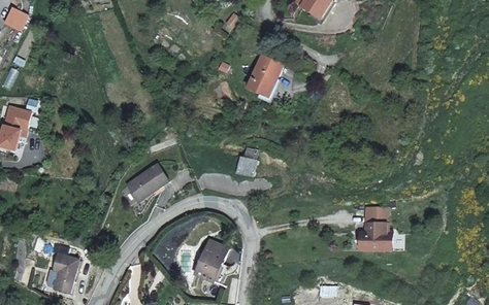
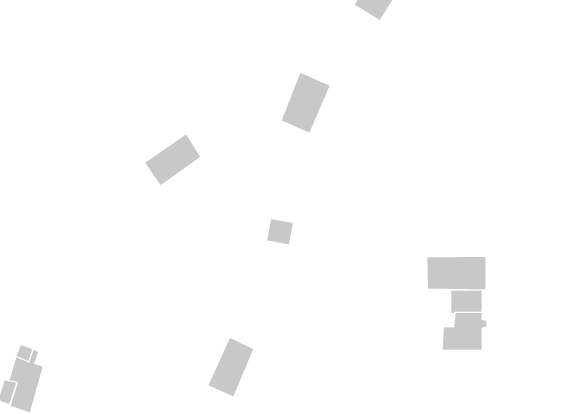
building: [126,162,166,199] -> [144,134,201,186]
building: none -> [427,256,486,290]

